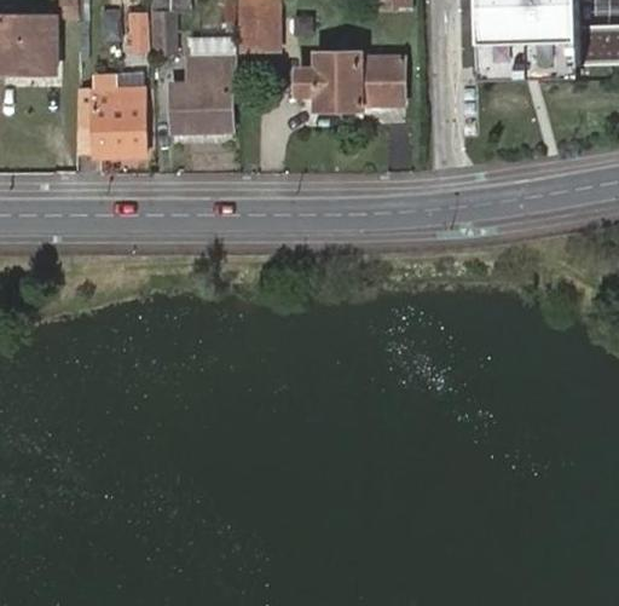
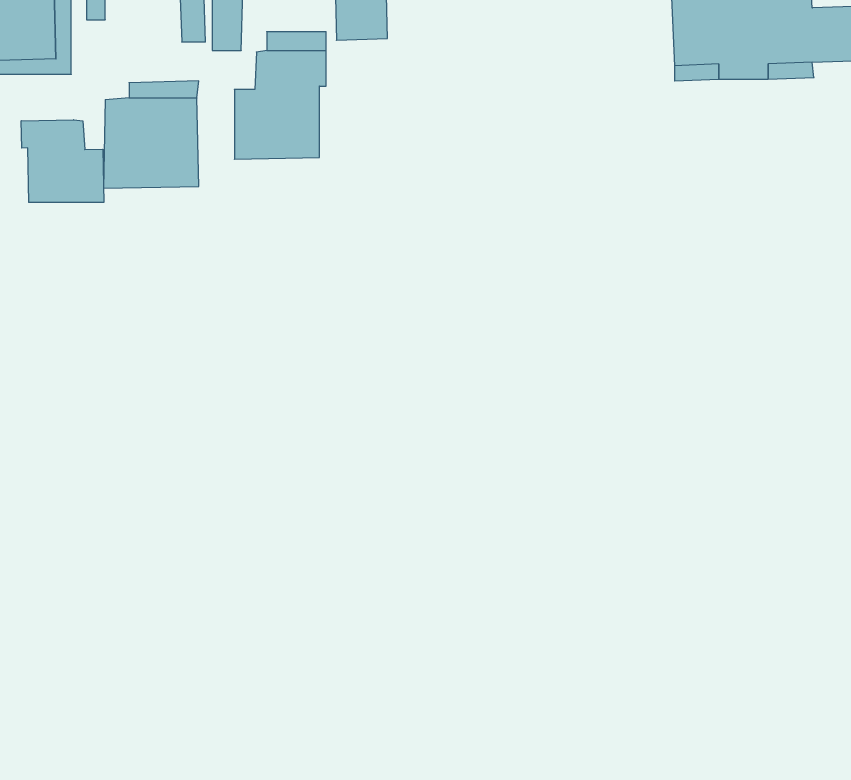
building: [301,45,403,108] -> none
building: none -> [21,120,104,202]

